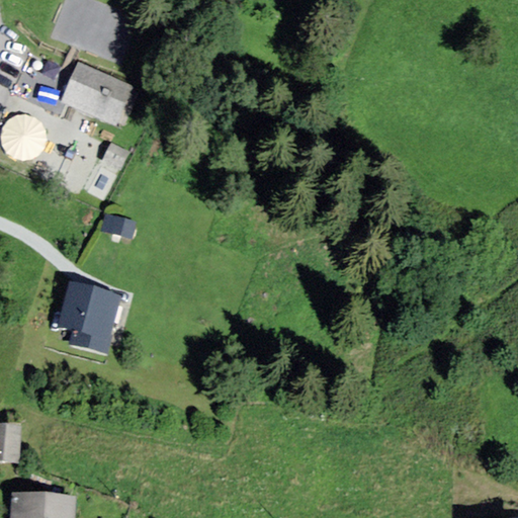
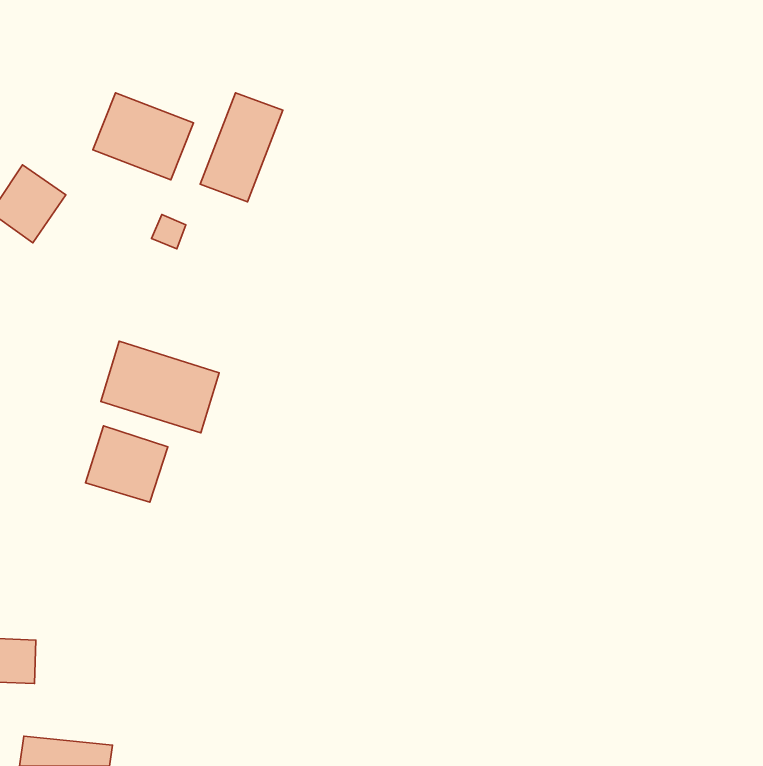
building: none -> [200,93,283,202]
building: none -> [101,341,219,433]

